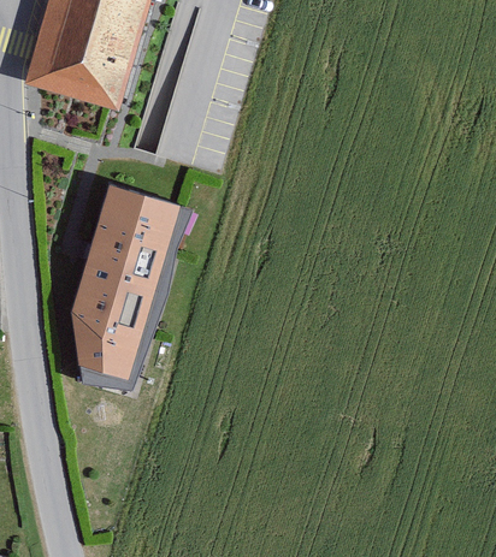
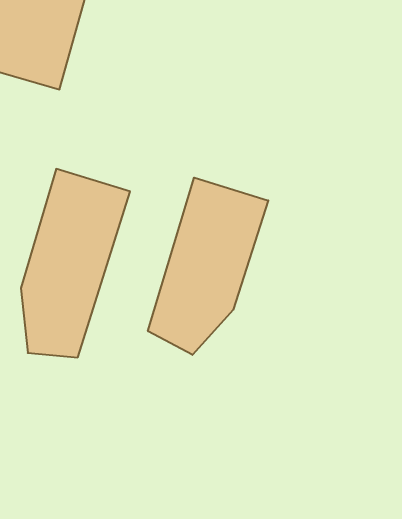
building: none -> [148,178,268,355]

